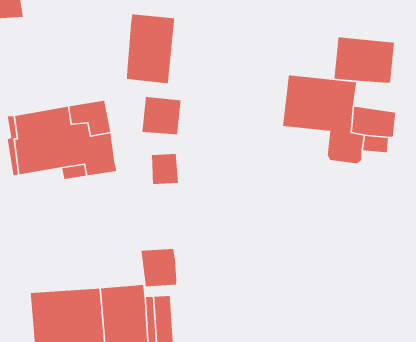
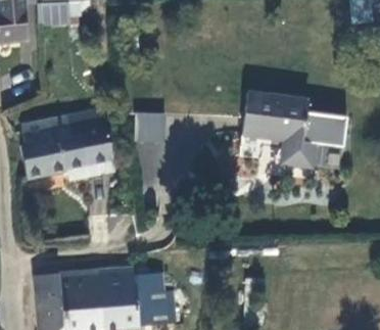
building: [126,13,175,84] -> none
building: [334,37,395,84] -> none
building: [140,248,177,287] -> none

